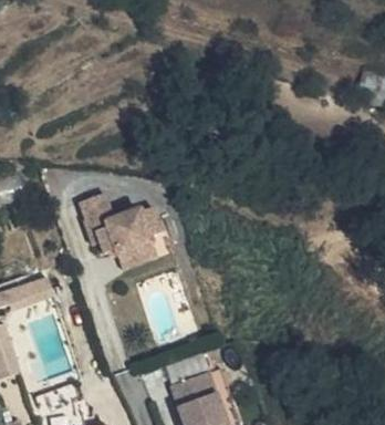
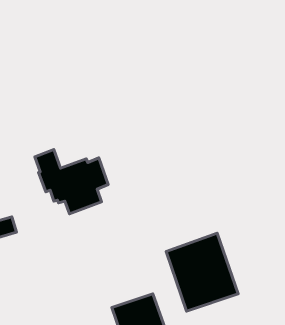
building: none -> [166,233,238,311]

